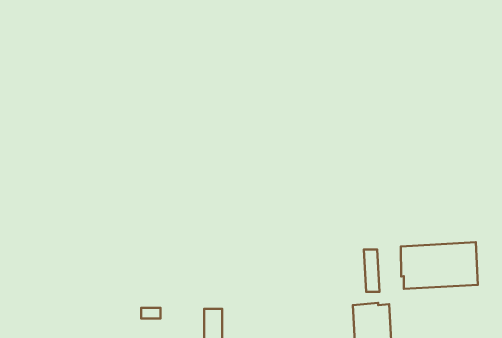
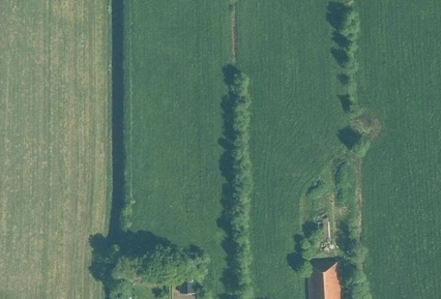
building: [401,242,478,289] -> none

